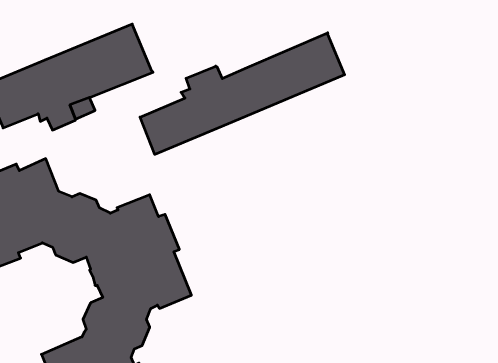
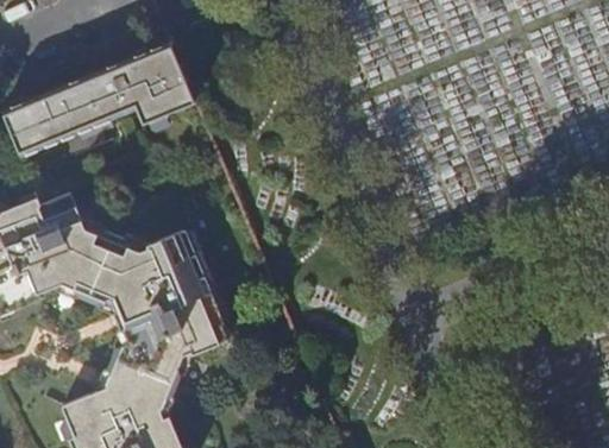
building: [140,33,345,154] -> none

